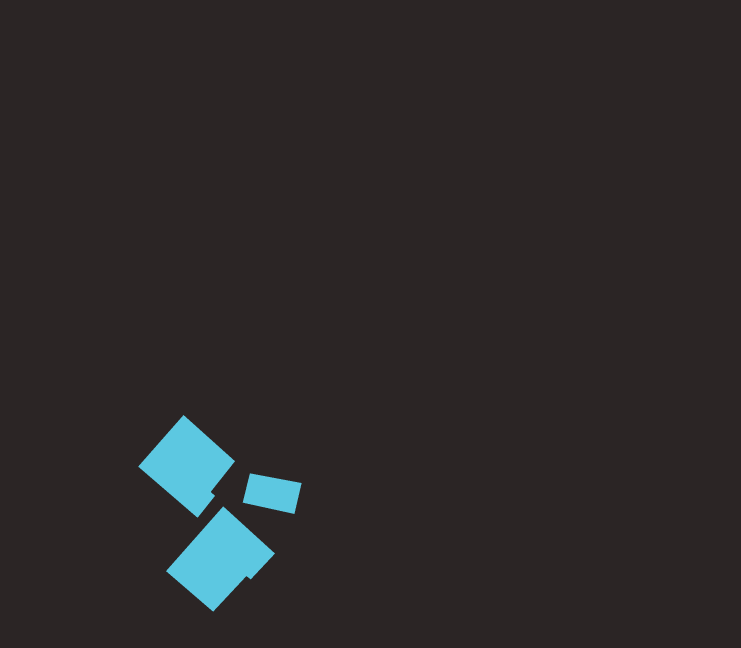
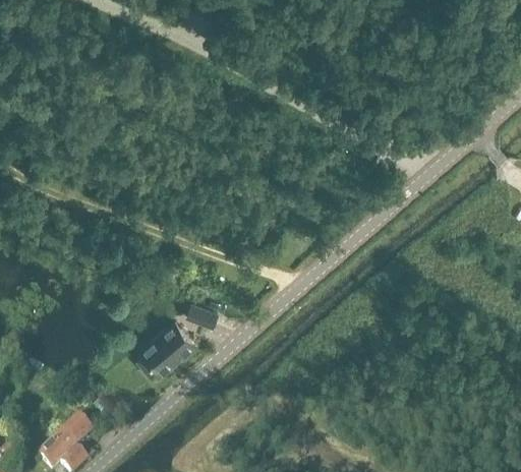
building: [137,414,236,519] -> none

